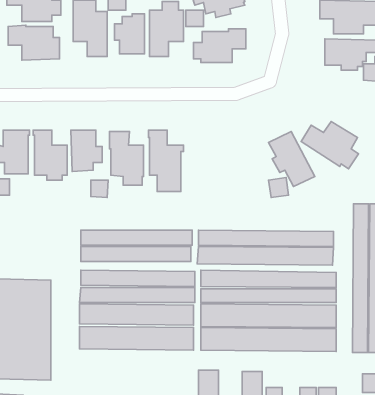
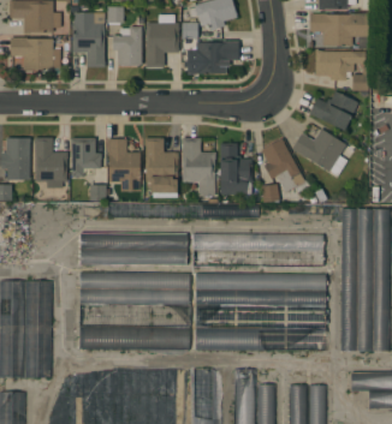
building: none -> [309,91,358,131]
building: none -> [182,138,215,197]
building: none -> [220,143,251,195]

